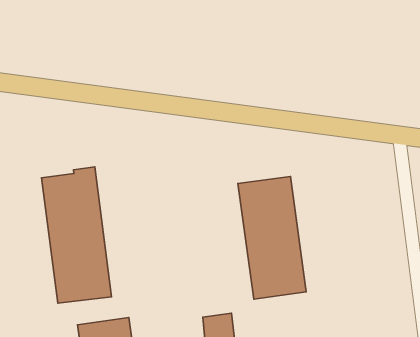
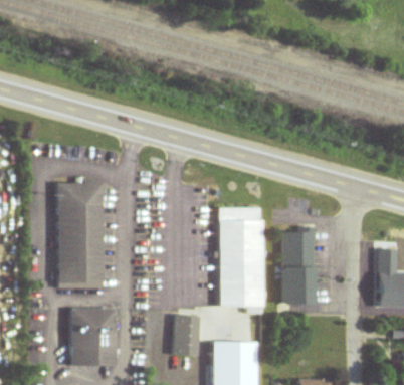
building: none -> [284,225,316,304]

